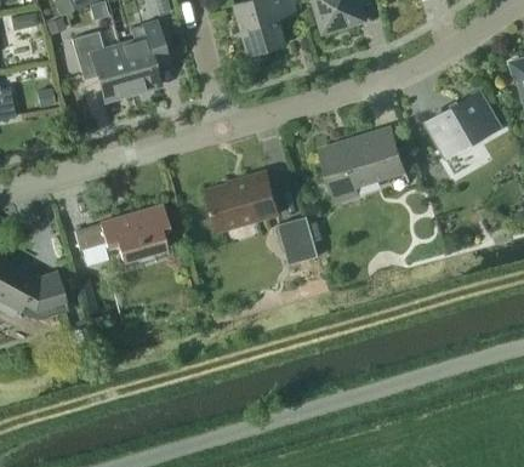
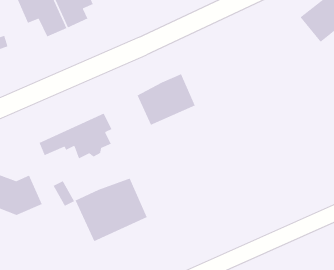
building: [318,126,406,204] -> none
building: [277,212,321,264] -> none
building: none -> [75,178,148,242]

